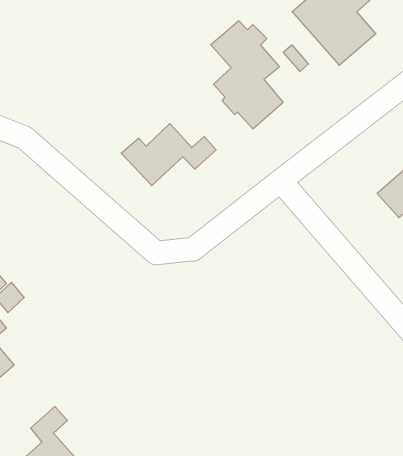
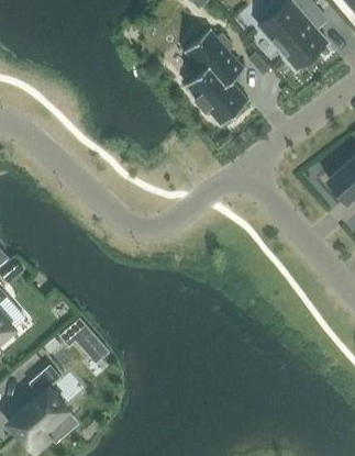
building: [121,124,216,186] -> none
building: none -> [60,319,110,365]

